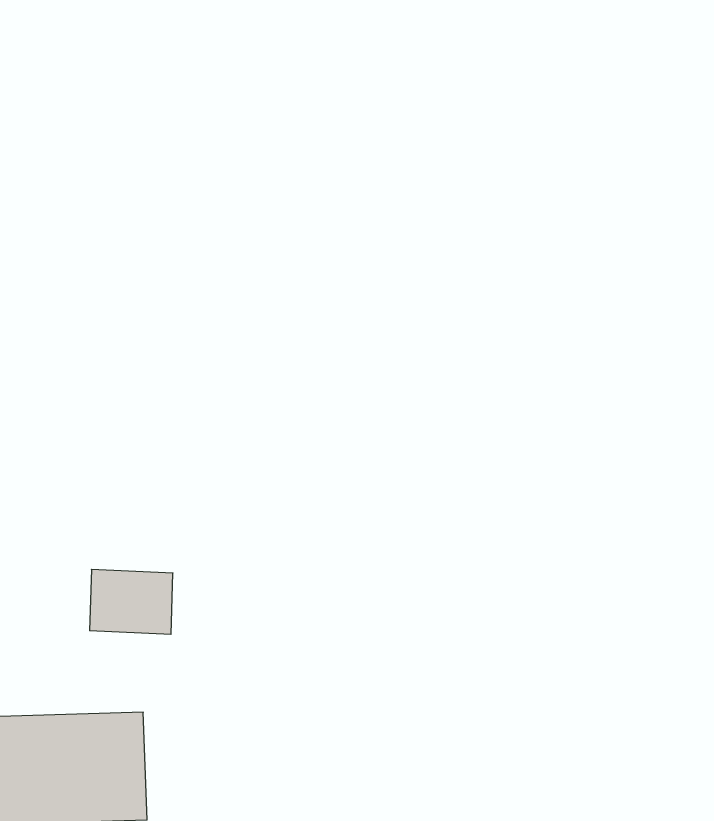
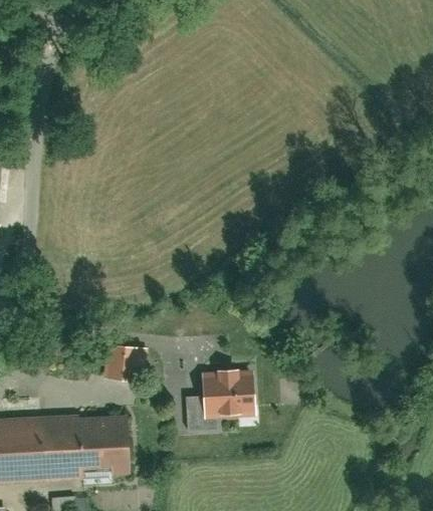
building: none -> [192,379,241,420]

